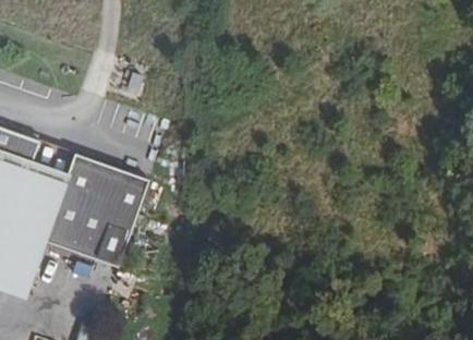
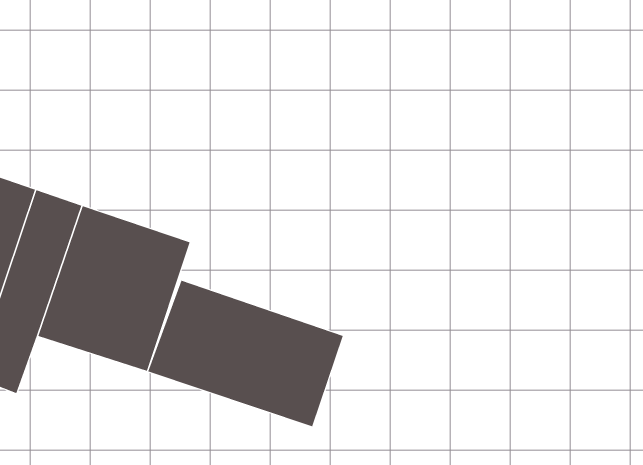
building: none -> [147,280,343,427]

